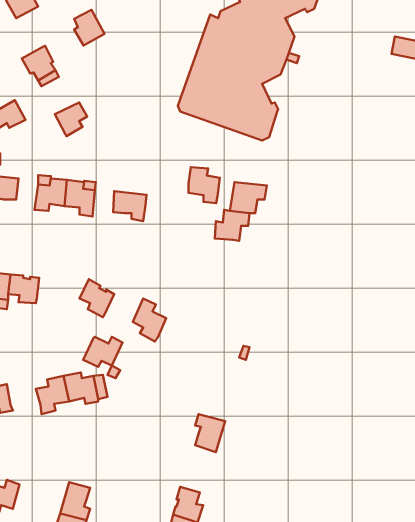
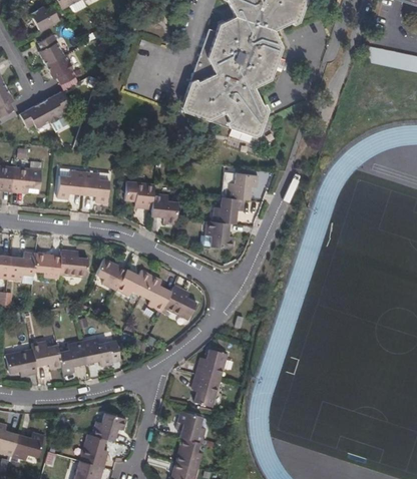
building: [74,10,104,46] -> [38,35,64,66]
building: [55,103,87,136] -> [40,92,68,121]
building: [189,167,220,203] -> [151,193,178,224]
building: none -> [205,221,234,250]
building: none -> [59,252,86,278]
building: none -> [164,286,197,320]
building: [83,337,122,367] -> [117,270,151,296]
building: none -> [32,341,62,370]
building: none -> [199,349,231,381]
building: none -> [178,411,206,444]
building: none -> [91,412,125,441]

